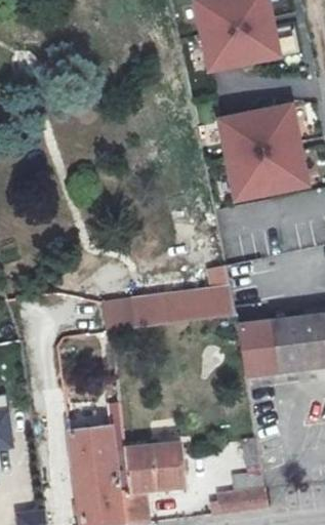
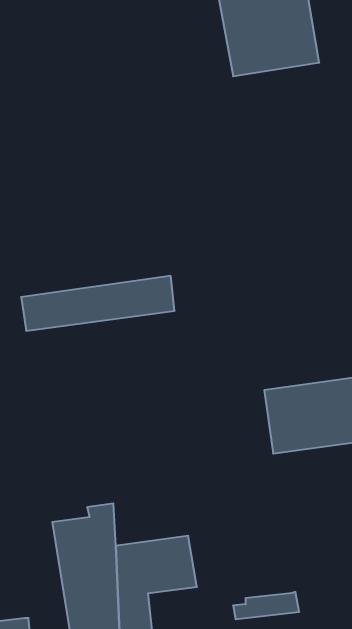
building: [219,105,306,196] -> none
building: [107,285,233,330] -> [21,276,175,331]

